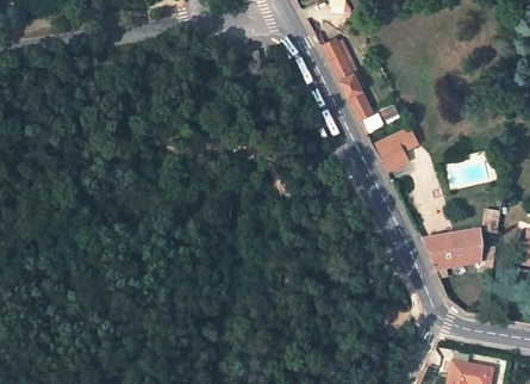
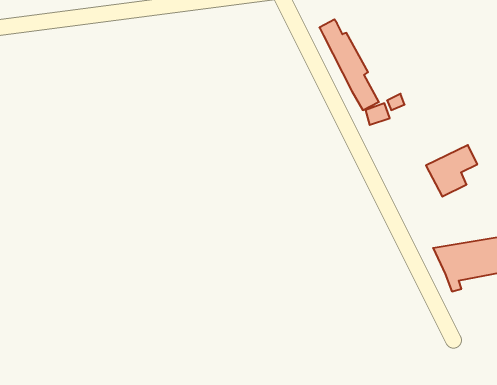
building: [373,126,418,172] -> [426,145,477,197]

